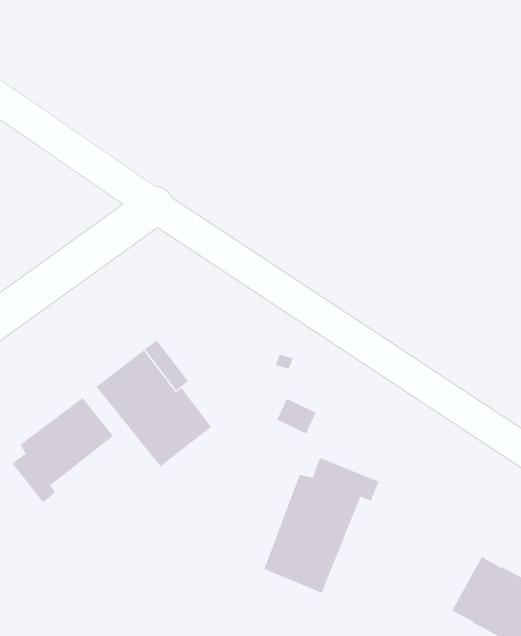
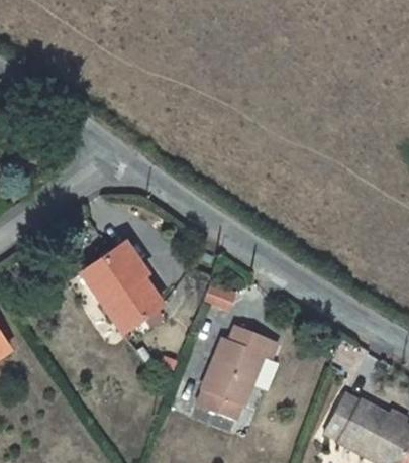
building: [12,397,114,503] -> none

